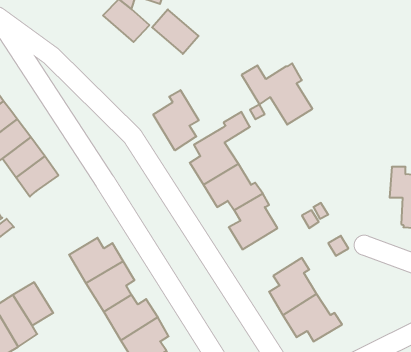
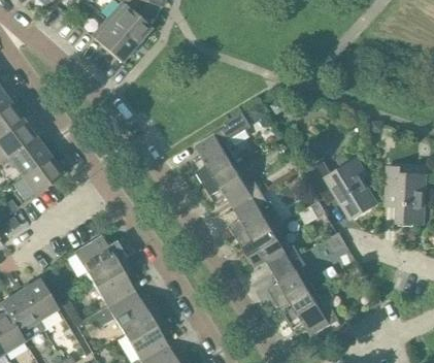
building: [152,9,199,54] -> [91,19,136,62]
building: [242,63,312,125] -> [307,159,376,219]
building: [153,90,199,150] -> none
building: none -> [242,226,300,272]

